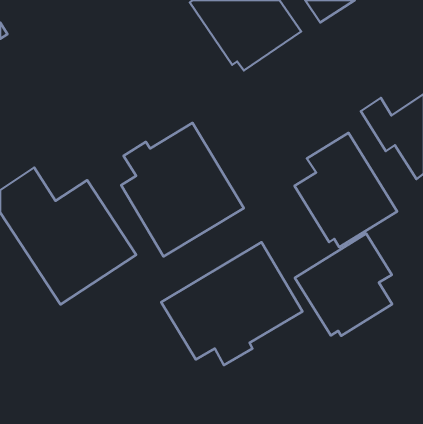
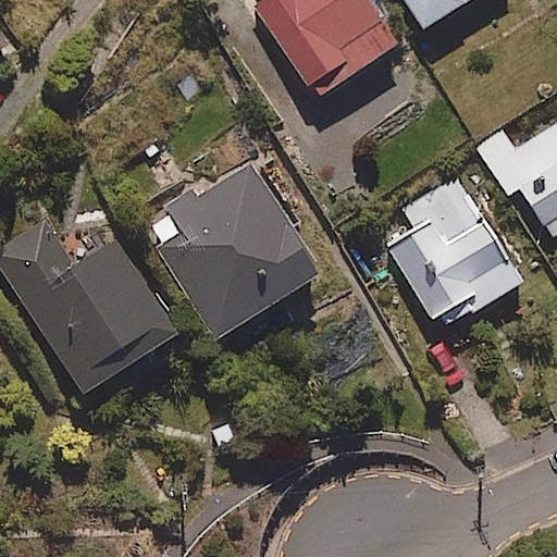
building: [295,234,392,336] -> none
building: [161,242,303,365] -> none

